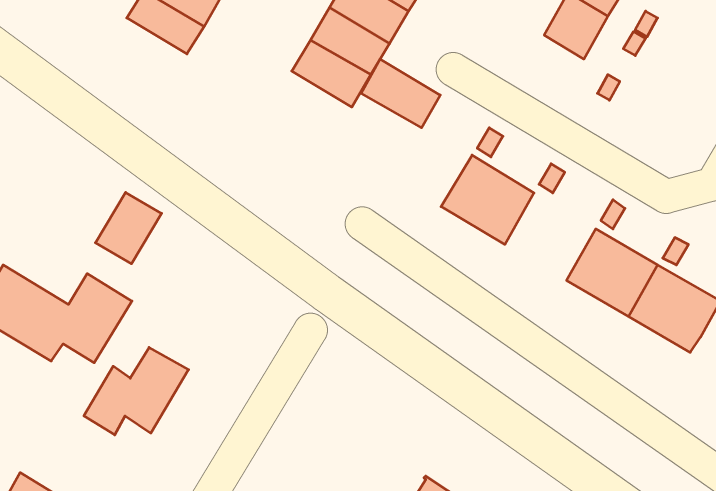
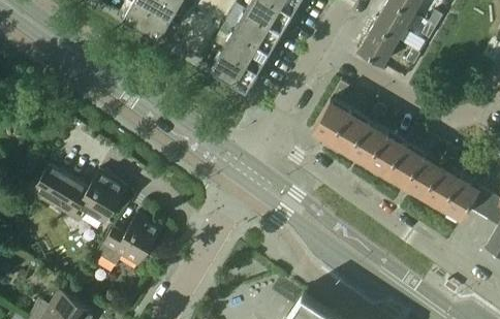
building: none -> [358,28,398,67]
building: [361,59,440,128] -> [211,50,258,91]
building: [95,192,162,264] -> none
building: none -> [350,123,405,176]

